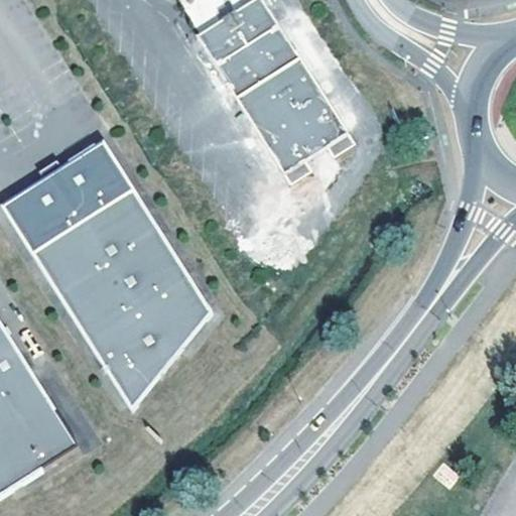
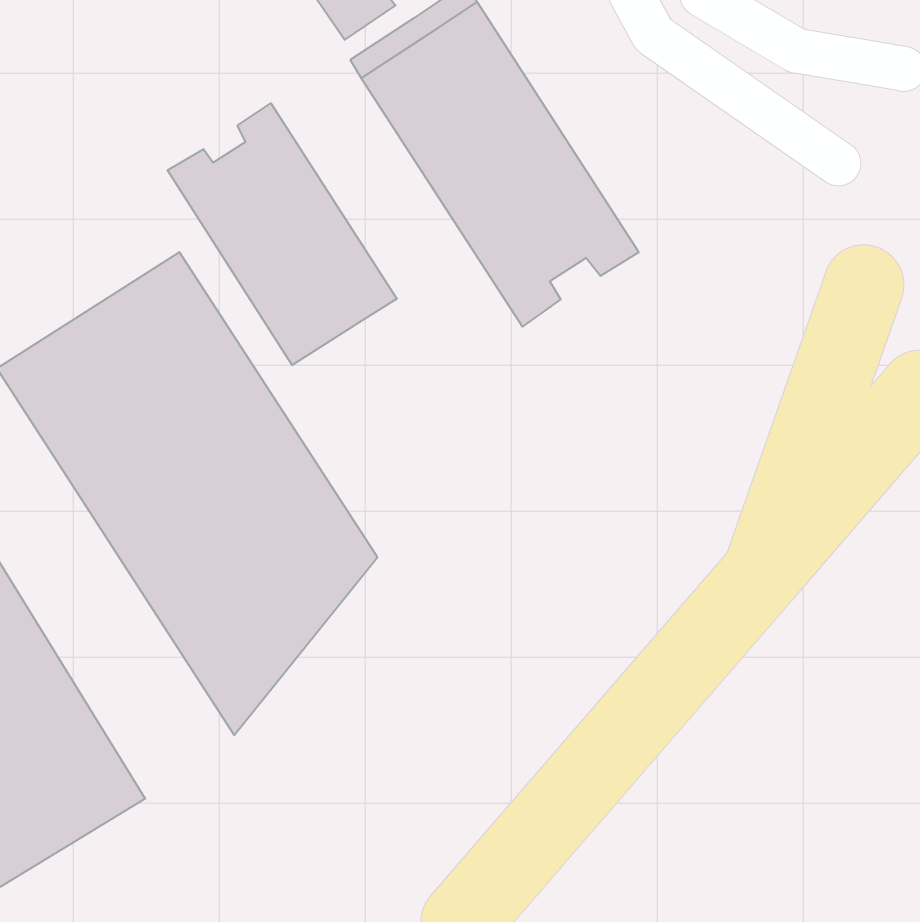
building: none -> [168,103,397,365]

